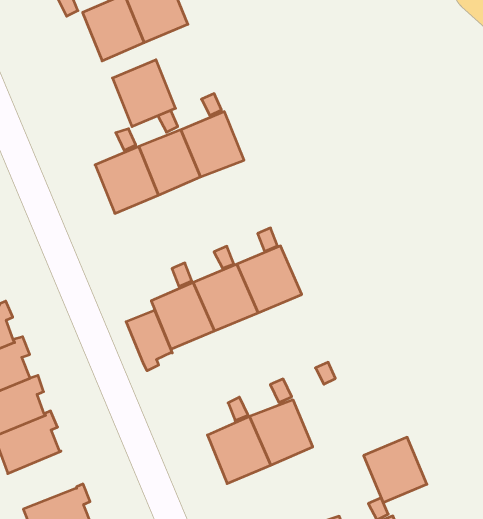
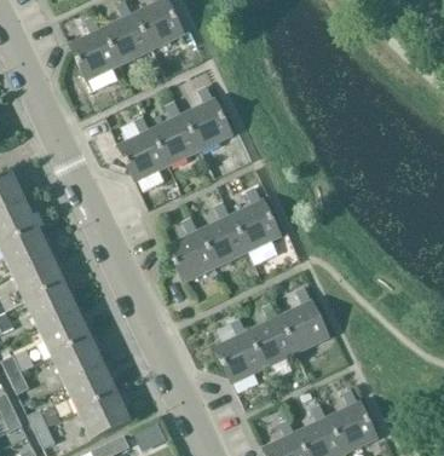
building: [112,60,176,127] -> [69,28,119,80]
building: [126,310,172,371] -> none
building: [364,437,427,502] -> [278,300,328,351]
building: none -> [63,360,116,410]

